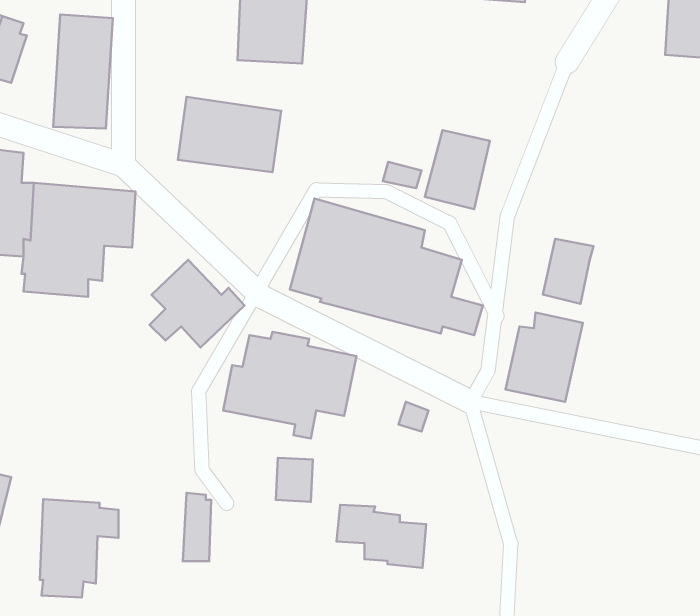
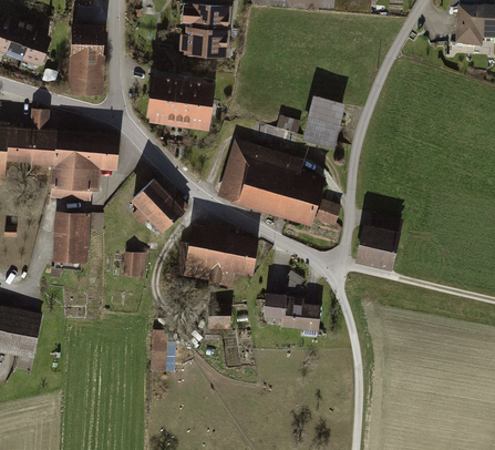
building: [543,239,593,304] -> none
building: none -> [122,252,145,278]
building: [40,499,119,597] -> [52,211,102,273]
building: [337,505,426,568] -> [264,293,320,333]

